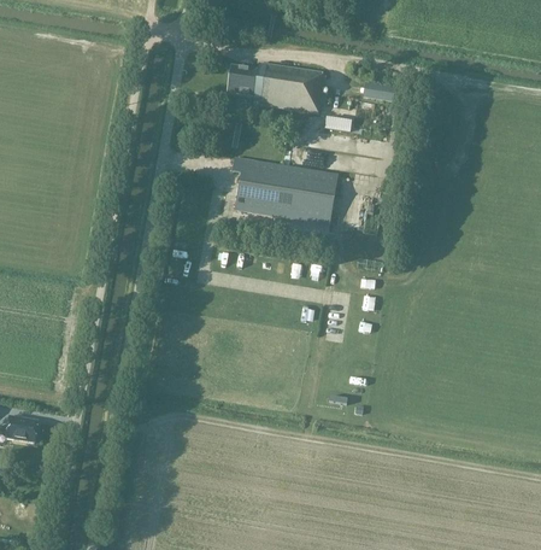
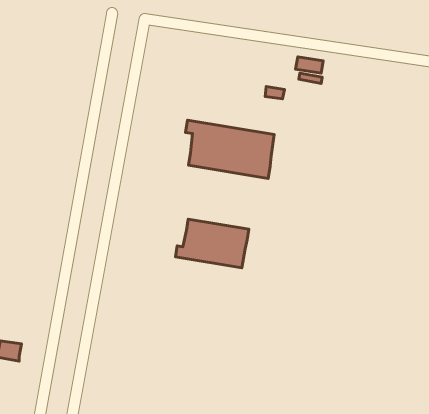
building: [228,63,323,113] -> none
building: none -> [176,219,249,268]

